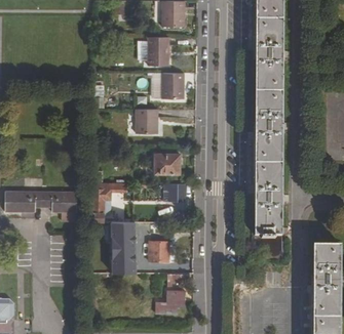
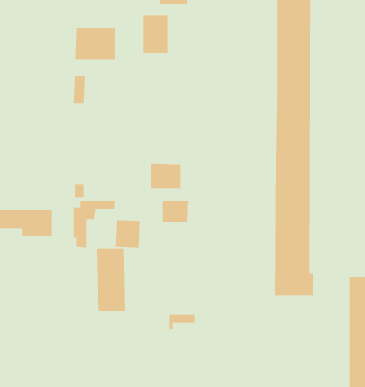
building: [151,72,184,97] -> [74,27,116,60]
building: [137,108,158,132] -> none
building: [149,240,169,262] -> [115,220,141,248]
building: [158,290,186,314] -> none

